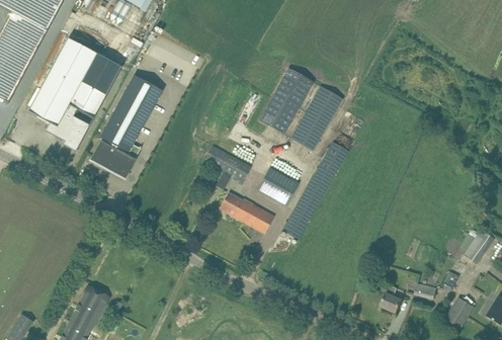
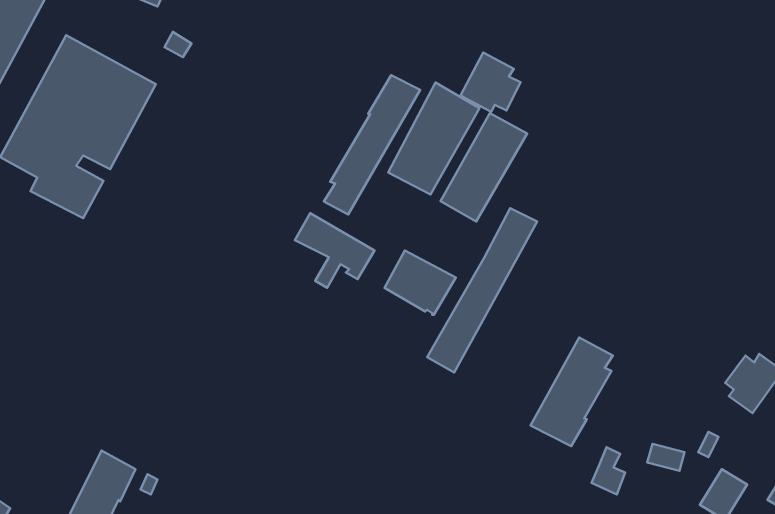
building: none -> [460,53,521,112]
building: none -> [324,75,420,214]
building: [93,74,162,174] -> none
building: [220,190,274,233] -> none
building: none -> [531,338,613,446]

